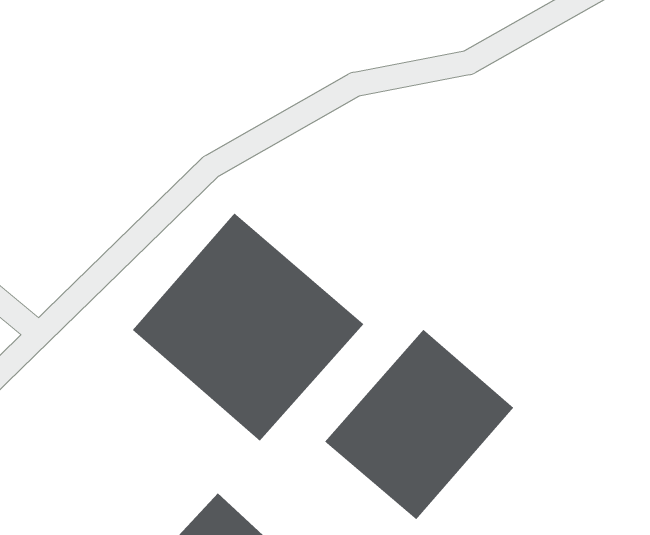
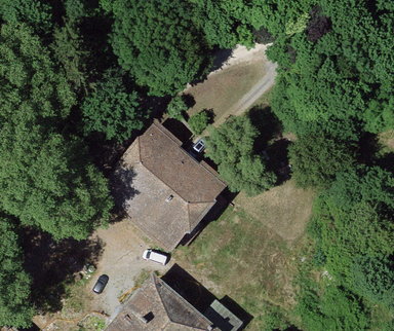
building: [324,329,514,520] -> none

